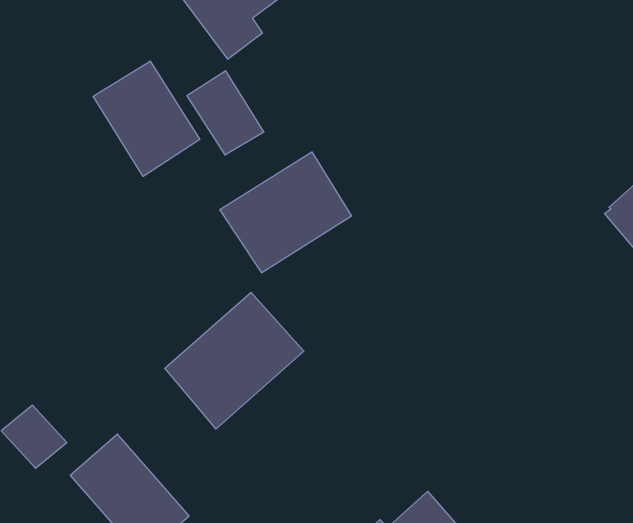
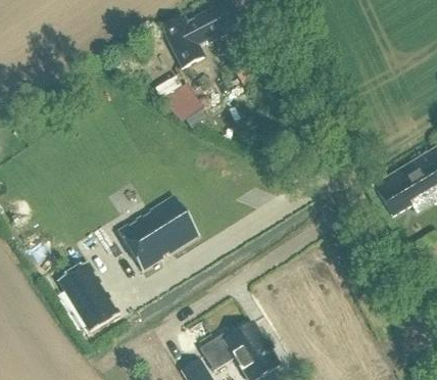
building: [93,61,200,176] -> none
building: [220,152,351,273] -> none

